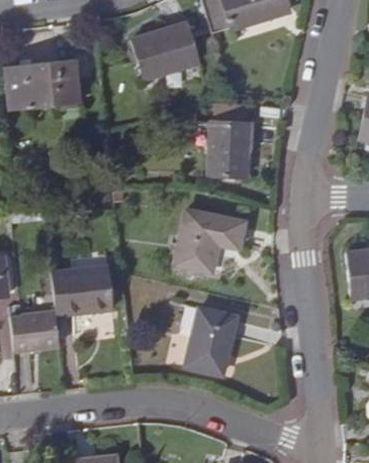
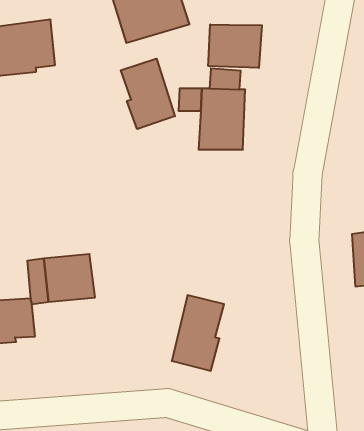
building: none -> [208,24,262,68]
building: none -> [121,59,175,129]
building: [175,208,243,270] -> none

